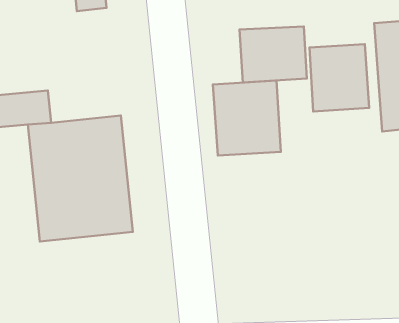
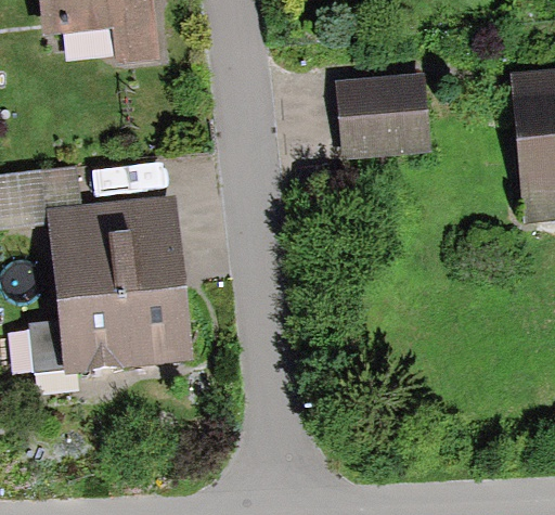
building: [309,44,369,111] -> none
building: [213,81,281,156] -> none

